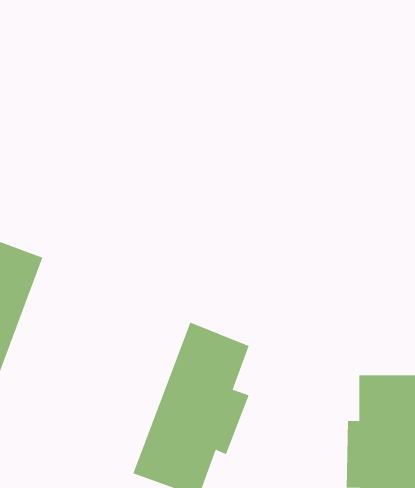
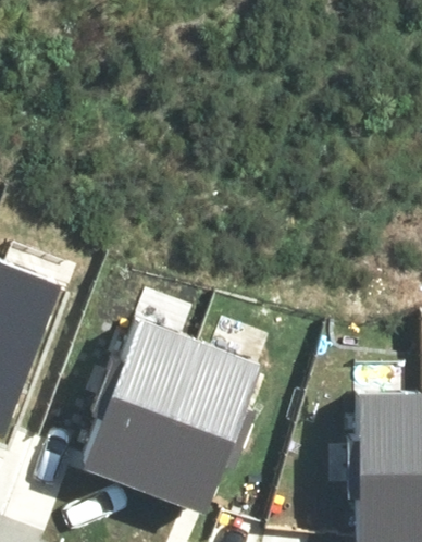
building: none -> [80,321,197,489]

